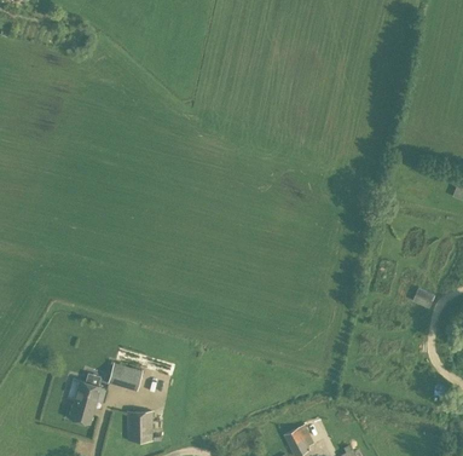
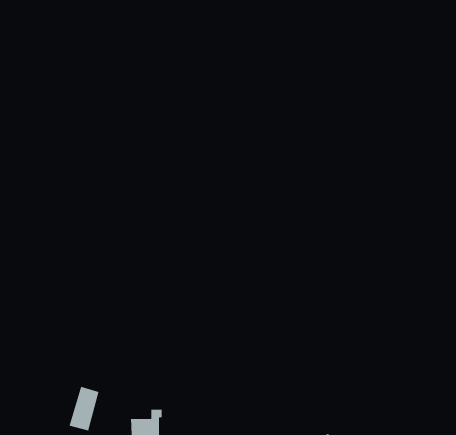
building: [108,362,143,391] -> none

